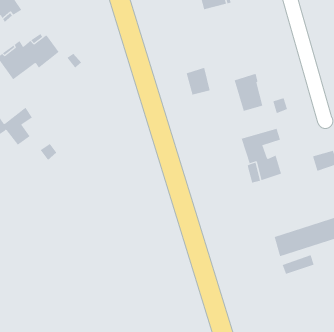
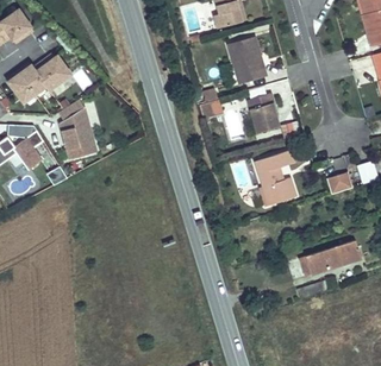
building: none -> [227,39,266,86]
building: none -> [57,97,96,157]

